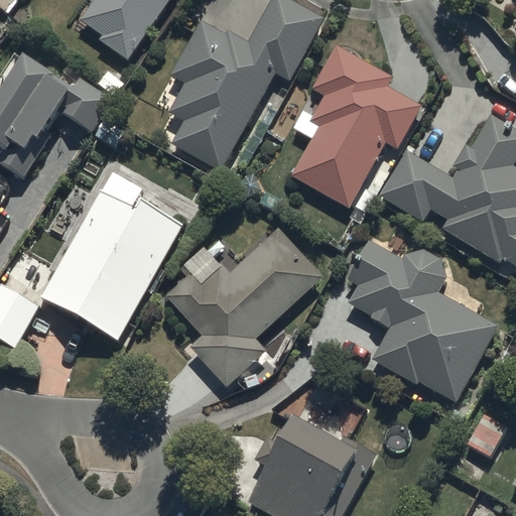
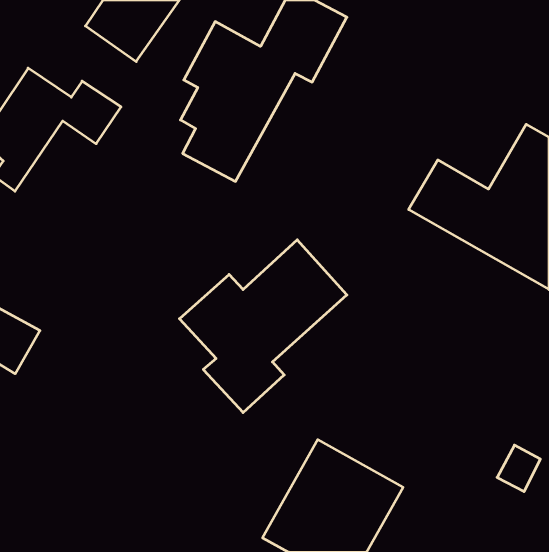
building: [291,44,421,207] -> none
building: [42,182,182,344] -> none
building: [347,238,500,403] -> none

